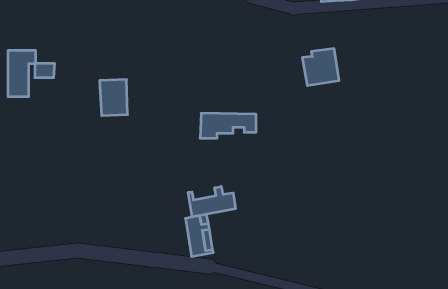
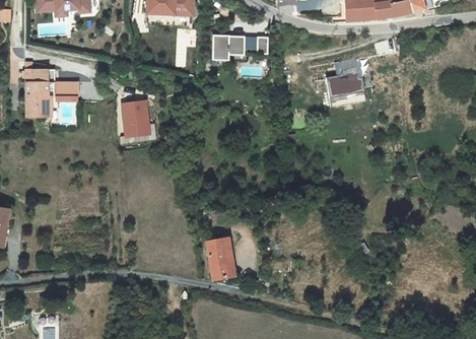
building: [200,113,256,138] -> [208,36,265,61]
building: [188,186,235,217] -> none

